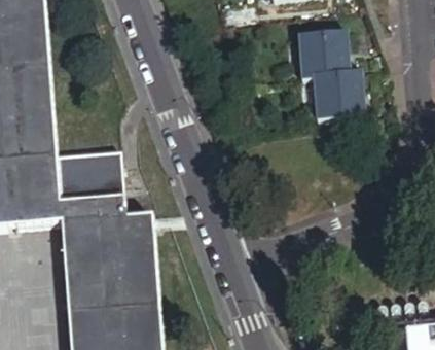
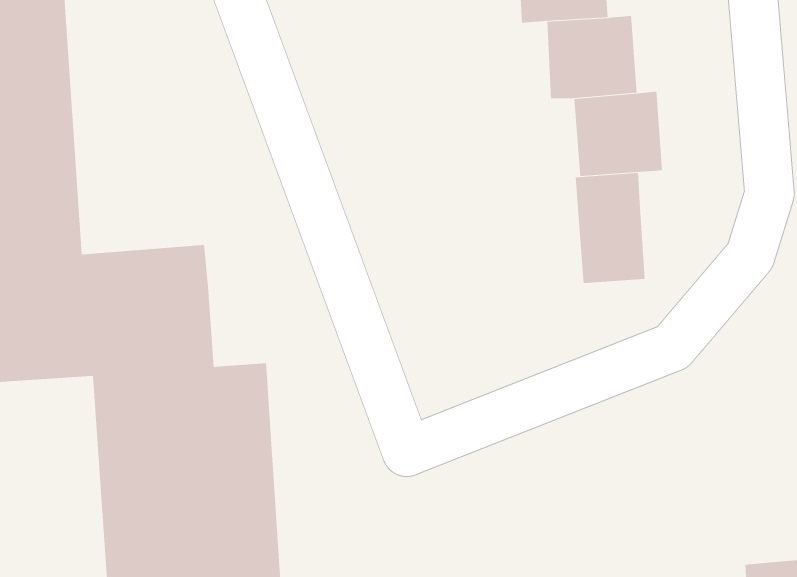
building: none -> [575,172,645,284]

